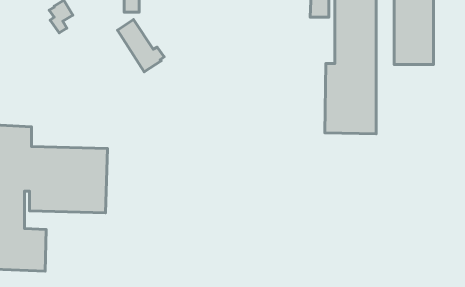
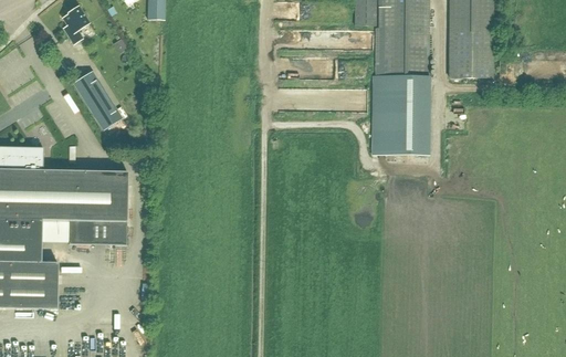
building: [118,19,164,72] -> [71,71,123,129]

